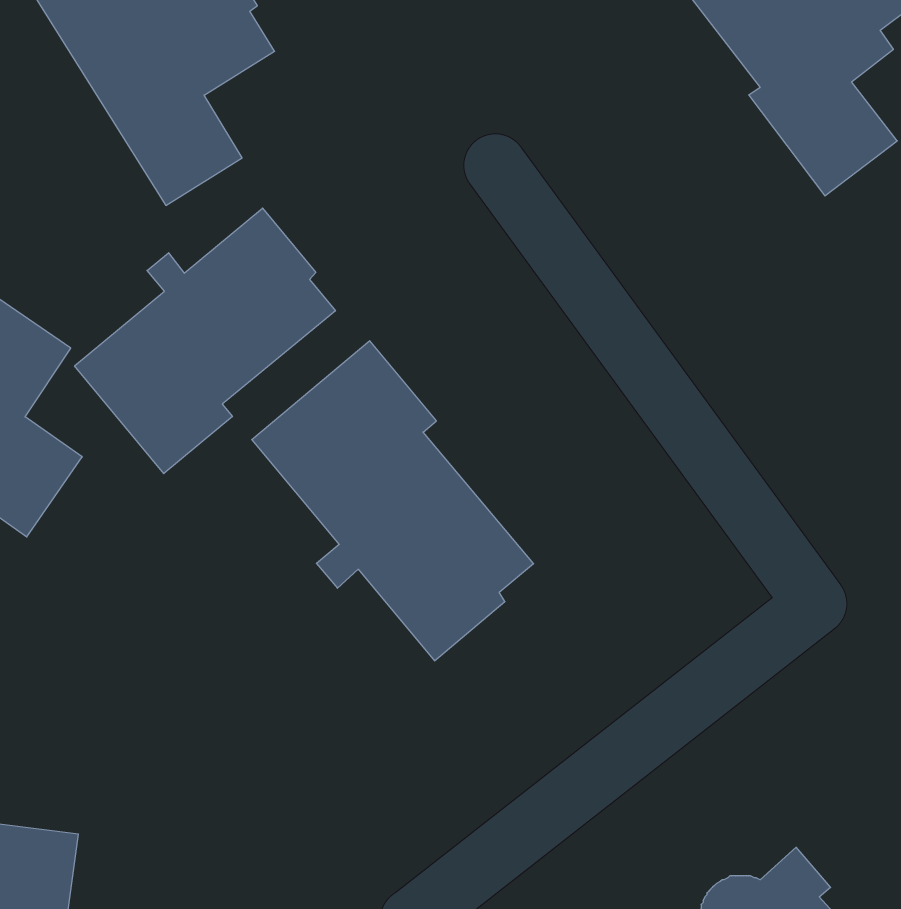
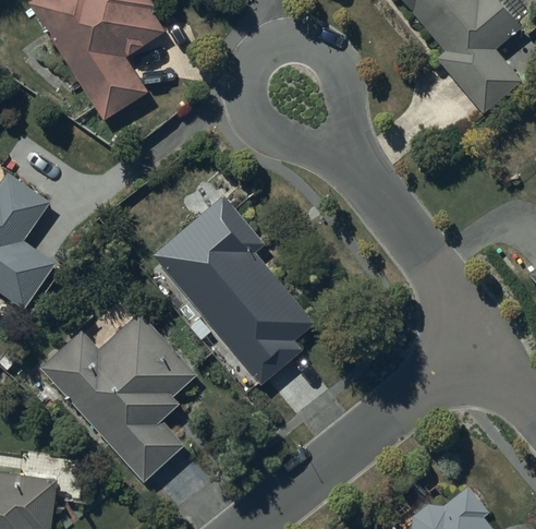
building: [75,208,335,474] -> none
building: none -> [42,313,196,477]

